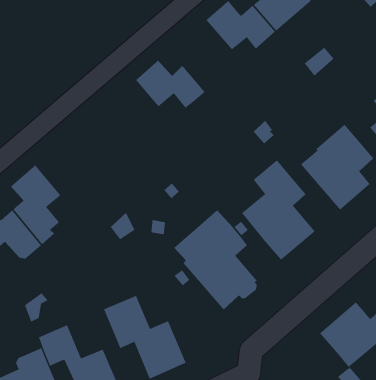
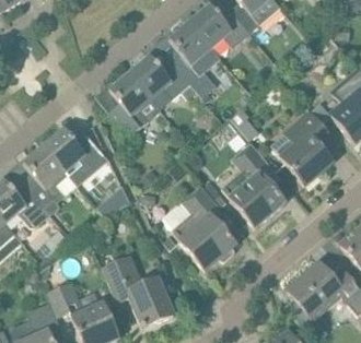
building: none -> [170,21,221,95]
building: none -> [109,72,161,133]
building: none -> [45,128,105,180]

